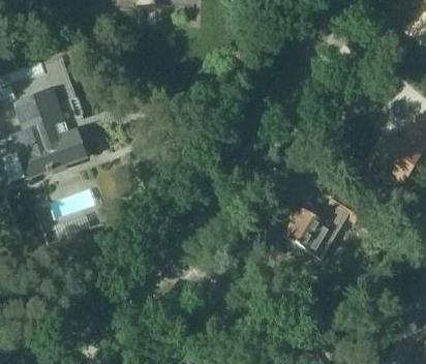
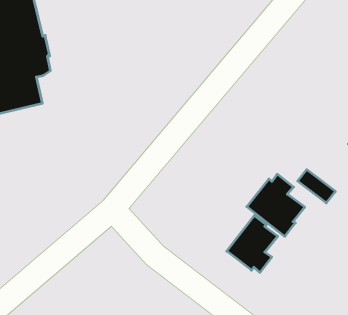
building: none -> [227,215,278,272]

